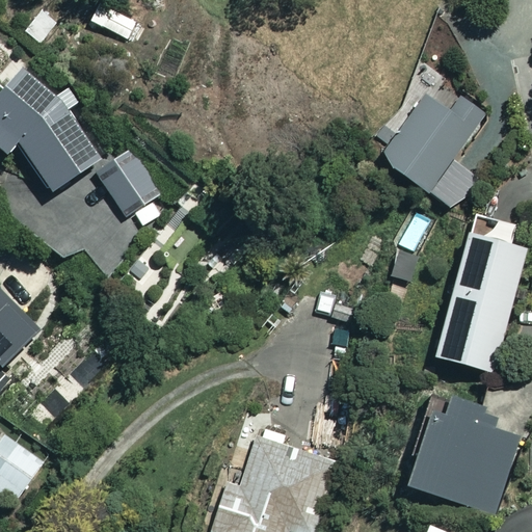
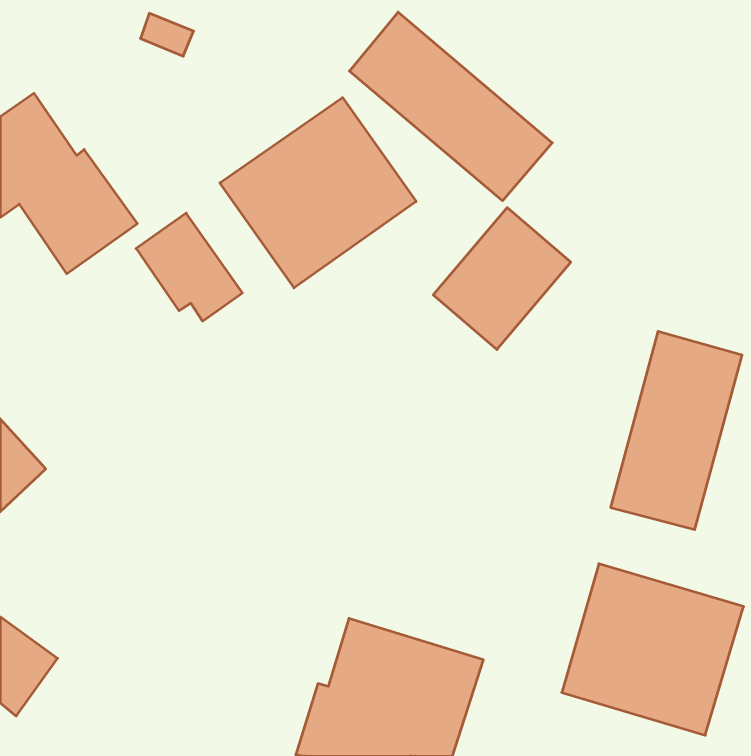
building: none -> [349,12,552,201]
building: none -> [220,98,416,288]
building: [381,91,478,191] -> [433,208,571,350]

